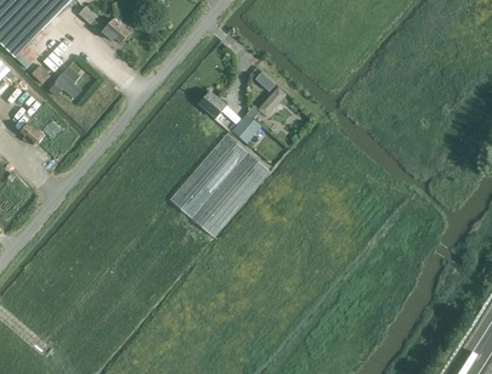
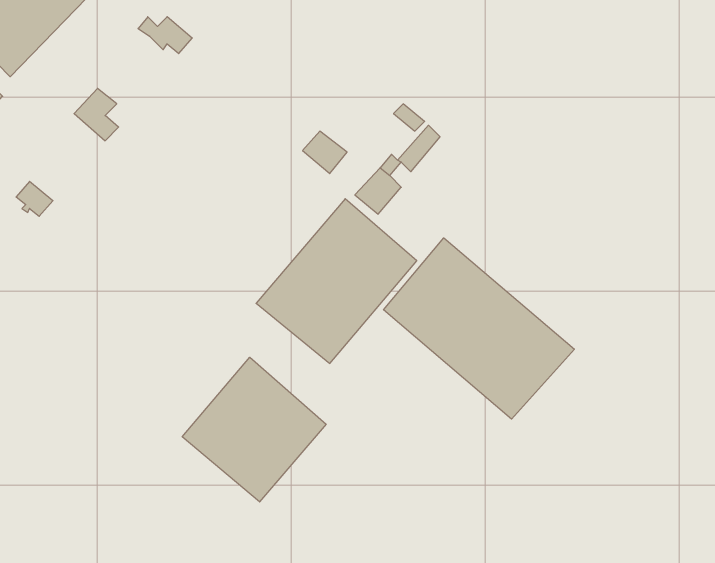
building: none -> [384,238,574,419]
building: none -> [182,357,326,502]

